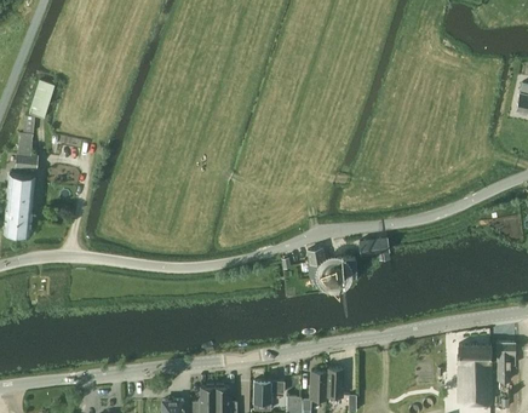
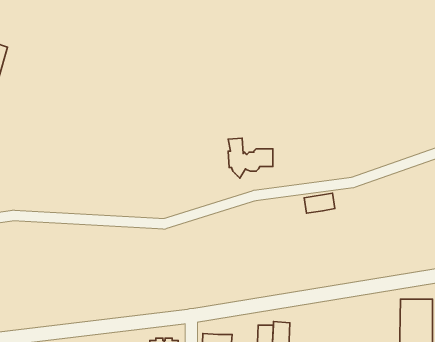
building: [309,248,355,289] -> [228,138,273,178]

